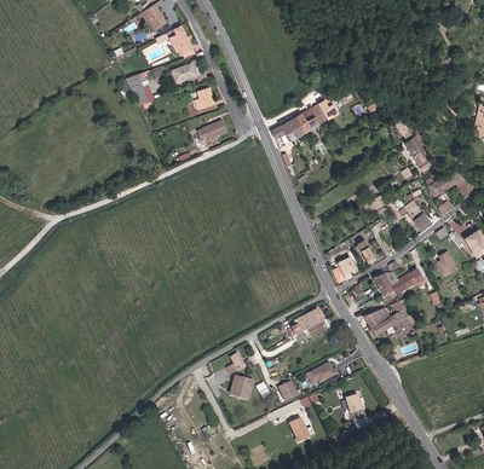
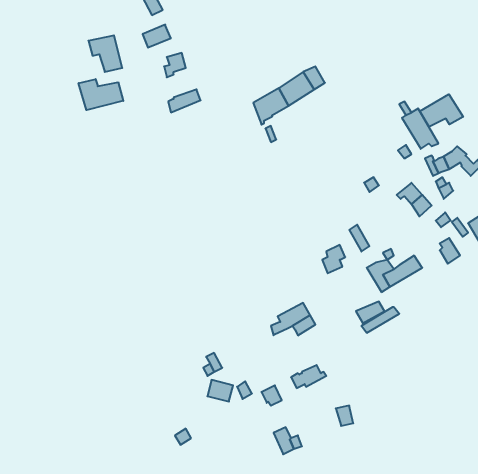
building: none -> [79,79,123,110]
building: none -> [420,94,463,127]

